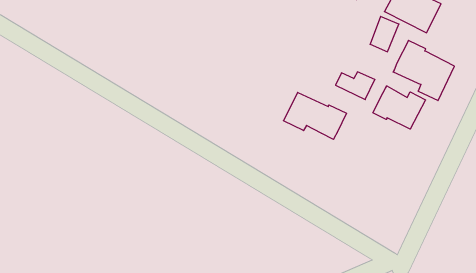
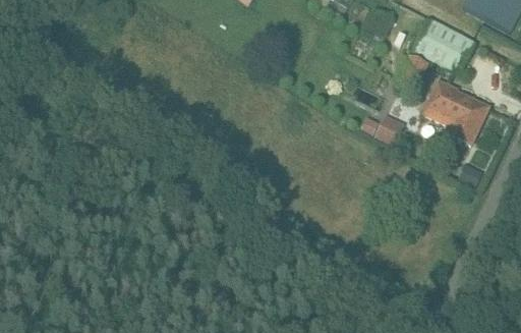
building: [373,86,426,129] -> none
building: [283,92,346,139] -> none

